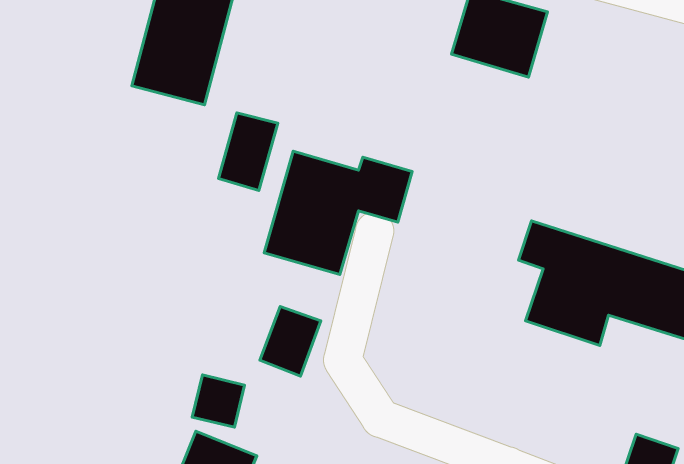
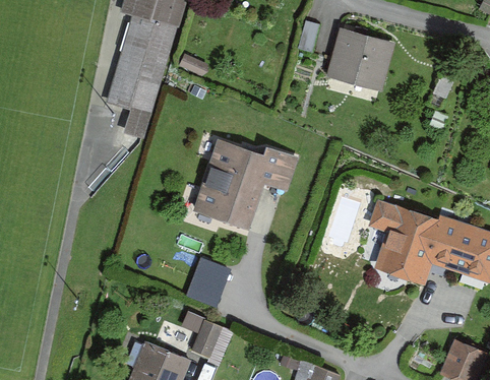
building: [219,113,278,190] -> none
building: [192,375,245,427] -> [194,321,231,358]

